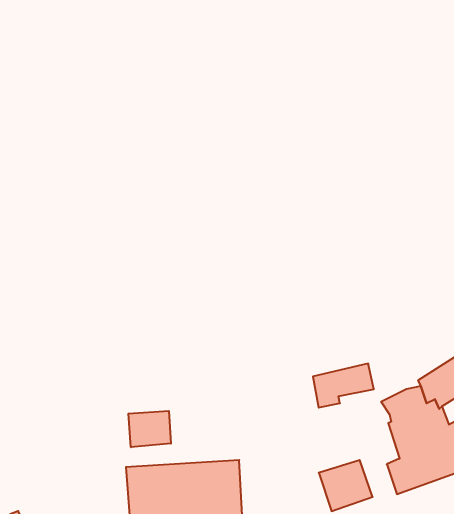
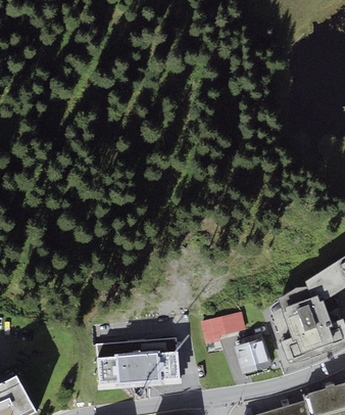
building: [313,364,374,408] -> [201,312,245,343]
building: [128,411,171,447] -> none

